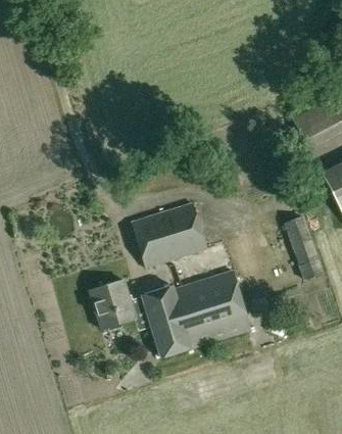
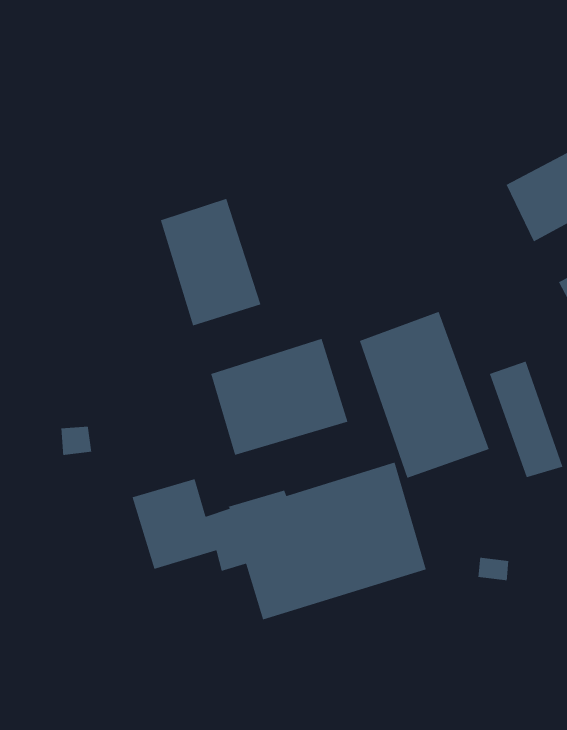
building: none -> [160,198,262,327]
building: none -> [359,311,490,479]

